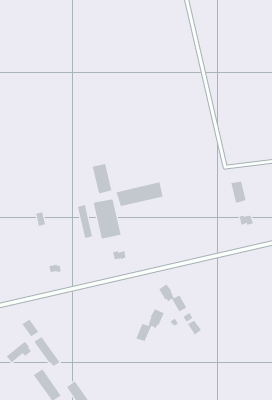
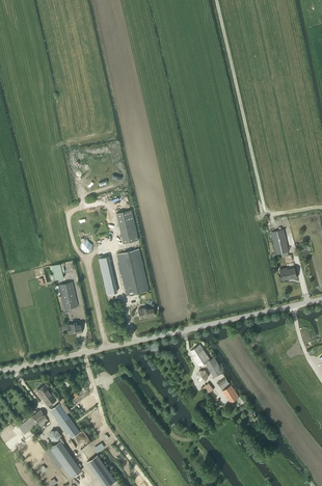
building: [116,182,163,207] -> none
building: none -> [54,281,78,309]
building: [135,309,164,342] -> none

